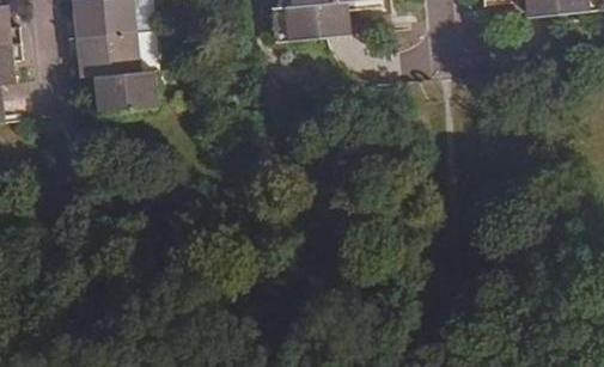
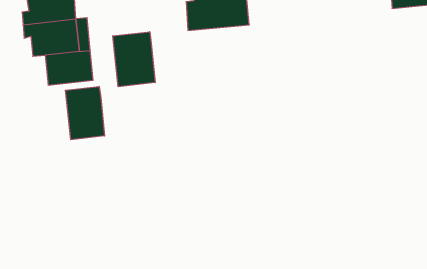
building: none -> [113,32,155,87]
building: none -> [65,86,105,140]

